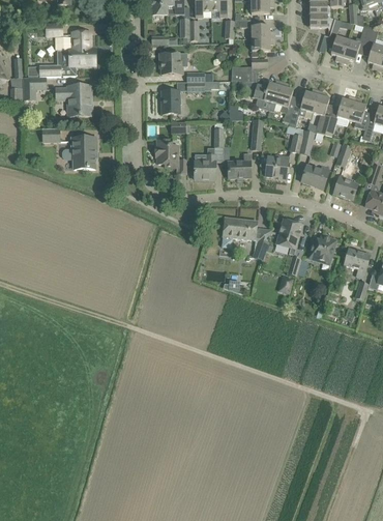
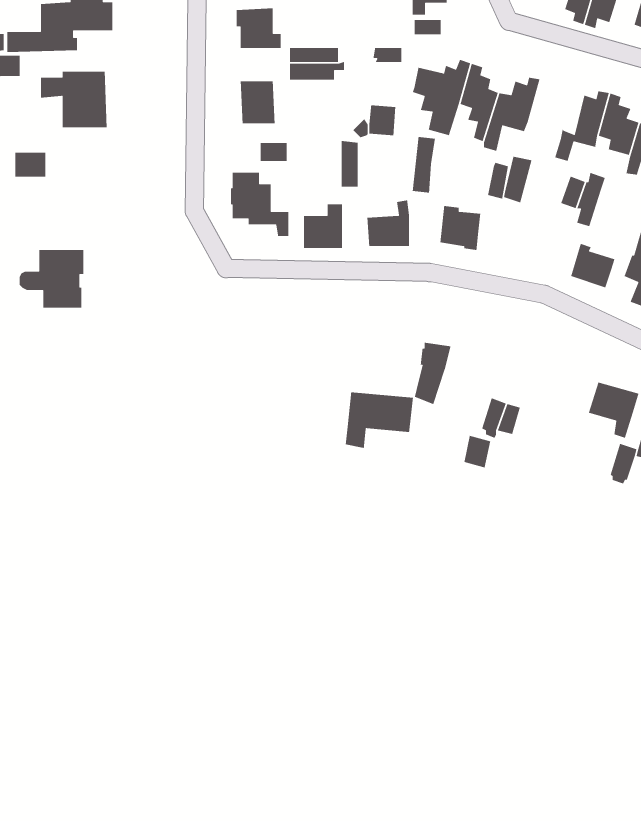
building: [313,89,329,135] -> none
building: [62,137,96,168] -> [19,249,84,309]
building: [301,165,330,189] -> none
building: [222,218,258,248] -> [345,391,414,449]
building: [276,219,302,249] -> none
building: [308,235,336,263] -> none

